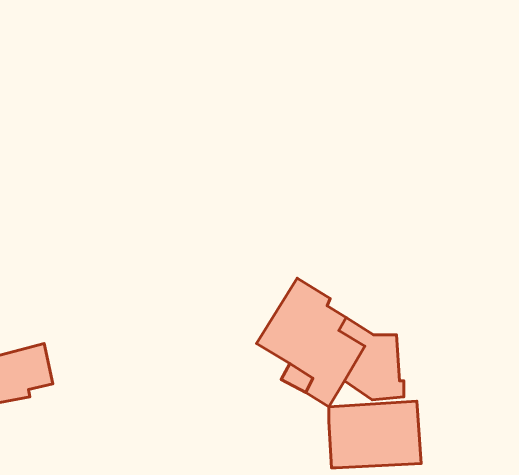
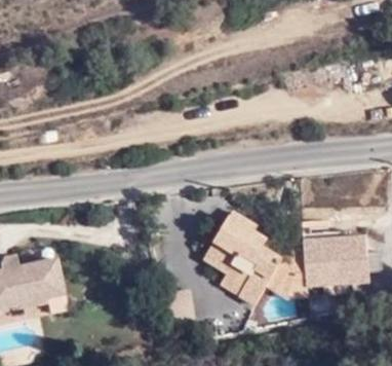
building: [329,401,421,468] -> [303,240,368,287]

